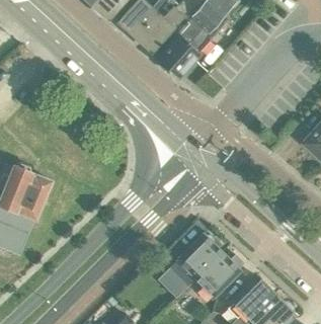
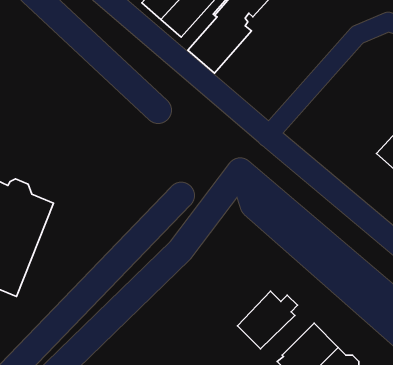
building: [169,233,222,287] -> none

